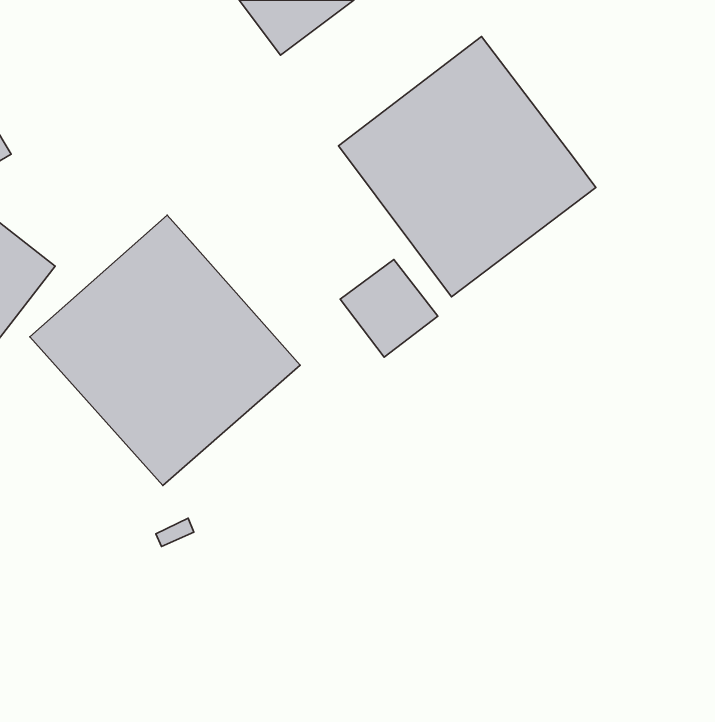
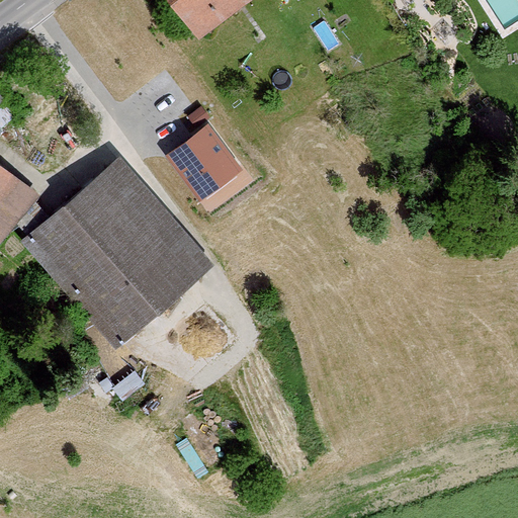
building: [338,36,596,297] -> none
building: [340,259,438,357] -> [163,130,233,199]

